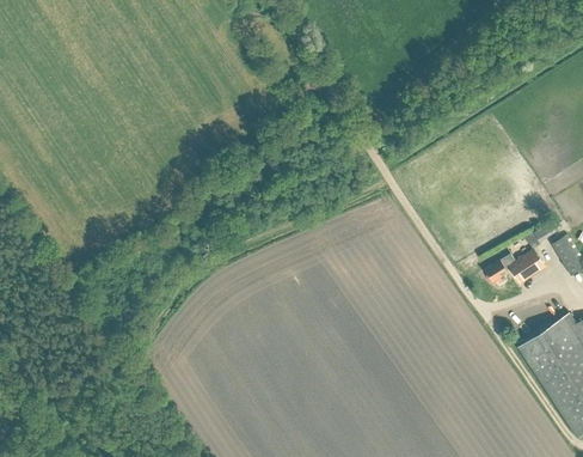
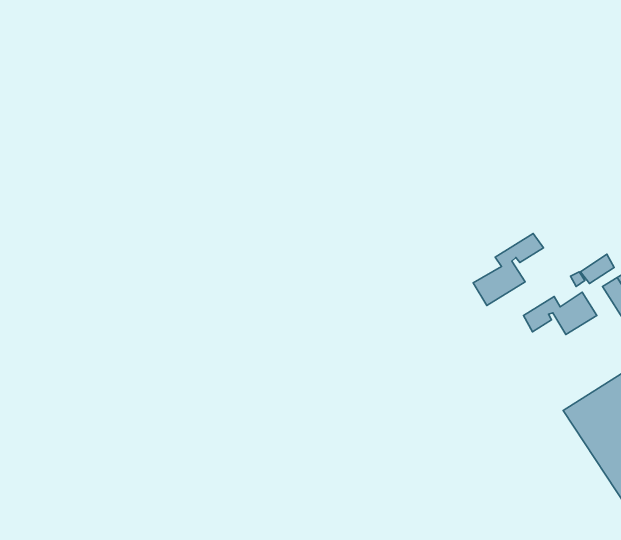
building: none -> [473,234,543,305]

